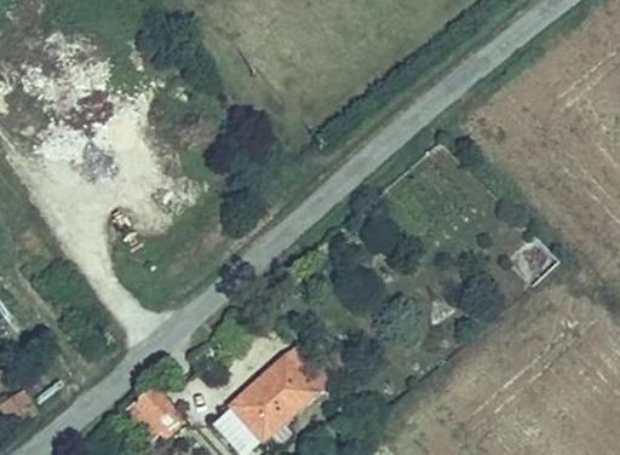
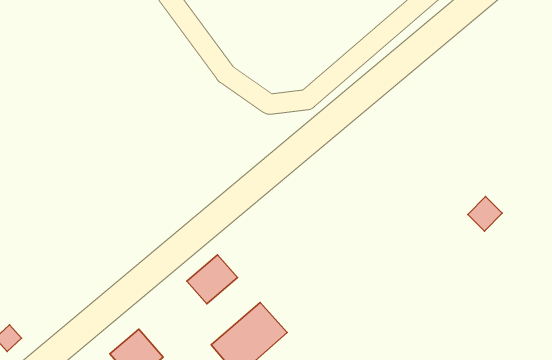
building: none -> [187,255,238,304]

